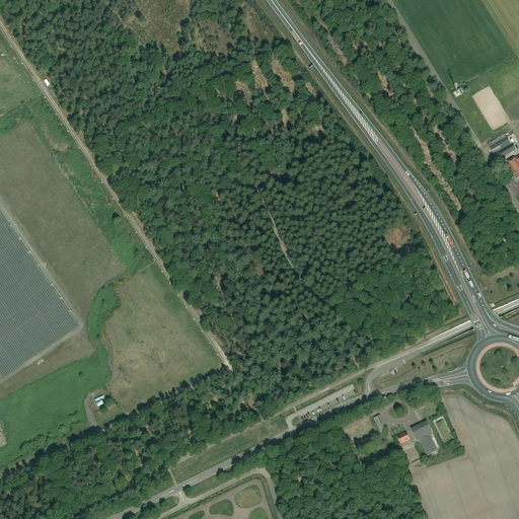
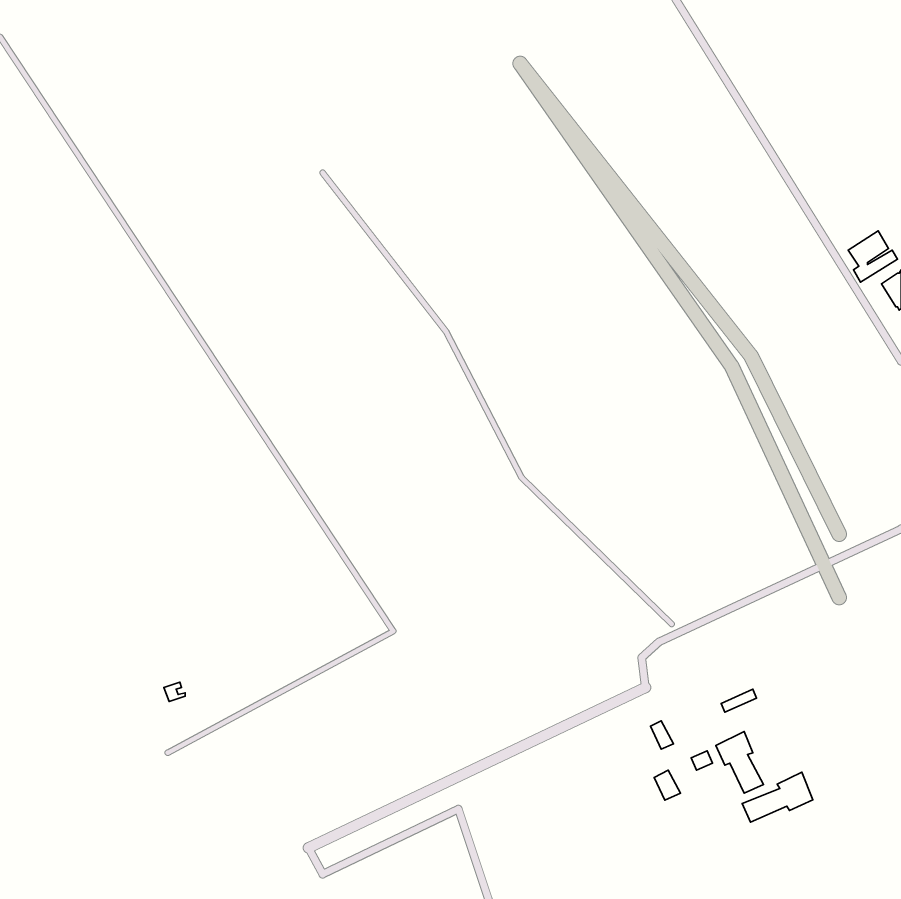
building: none -> [742,772,813,822]

